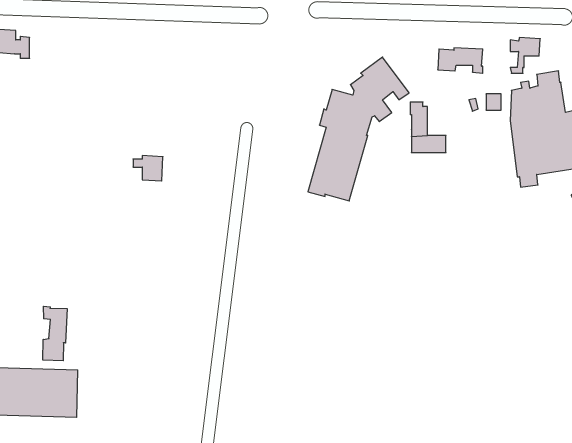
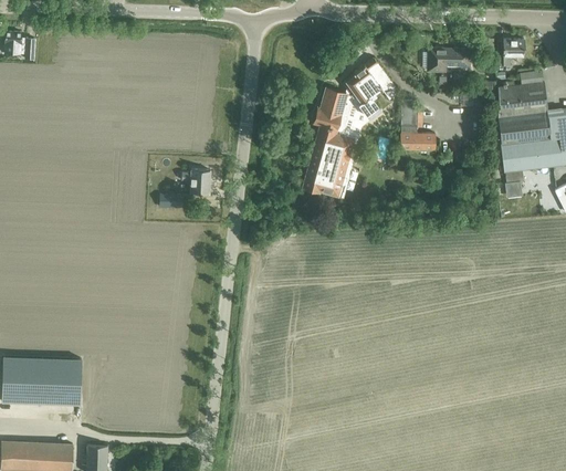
building: [133,156,163,181] -> [181,170,210,195]
building: [43,306,67,361] -> none

